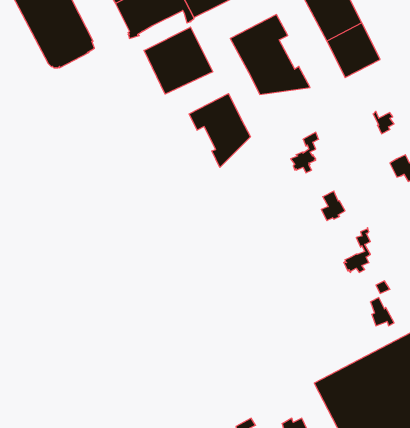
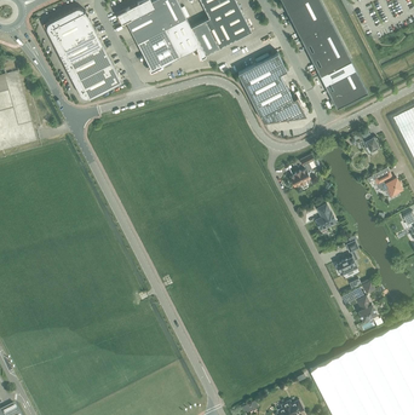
building: [144,27,213,94] -> none
building: [189,94,250,167] -> none

